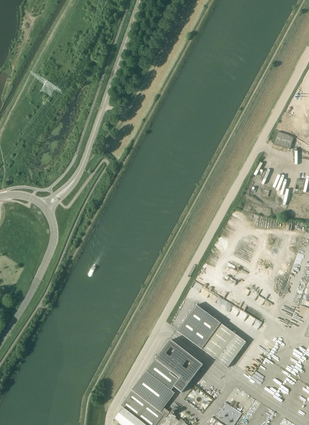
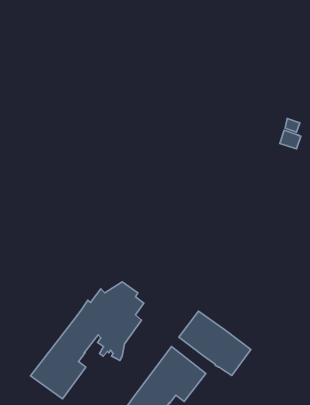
building: none -> [31,282,144,399]

